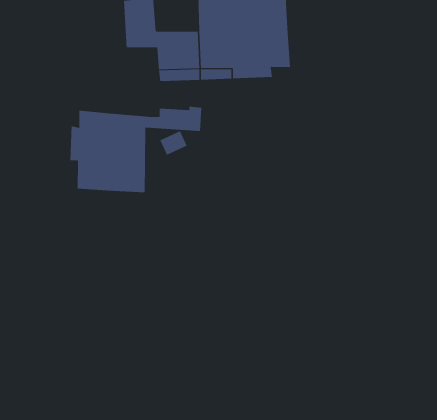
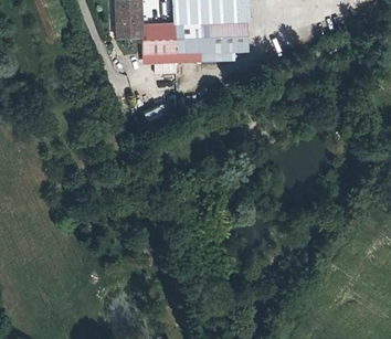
building: [70,106,202,193] -> none

